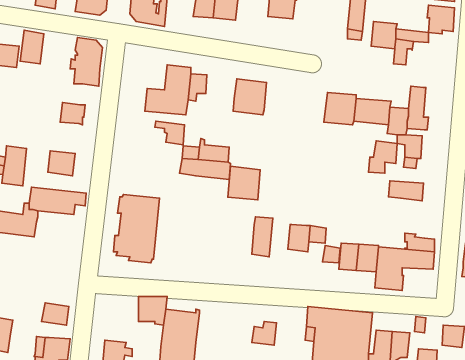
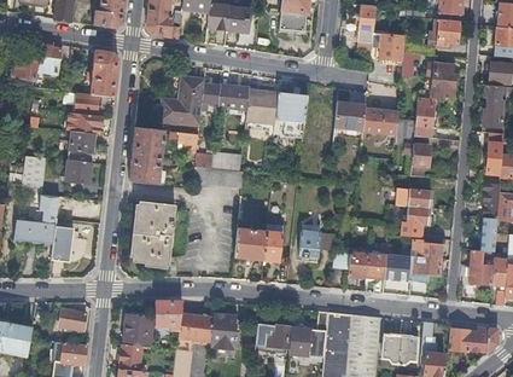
building: none -> [427,62,455,100]
building: none -> [218,86,250,109]
building: none -> [64,91,101,115]
building: none -> [276,93,308,124]
building: none -> [129,127,164,185]
building: none -> [69,130,97,162]
building: [369,141,397,173] -> [402,205,430,237]
building: [228,166,260,200] -> [235,227,267,260]
building: none -> [52,228,74,262]
building: none -> [210,313,238,348]
building: none -> [123,314,153,343]
building: none -> [288,326,311,355]

